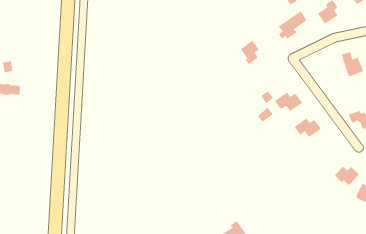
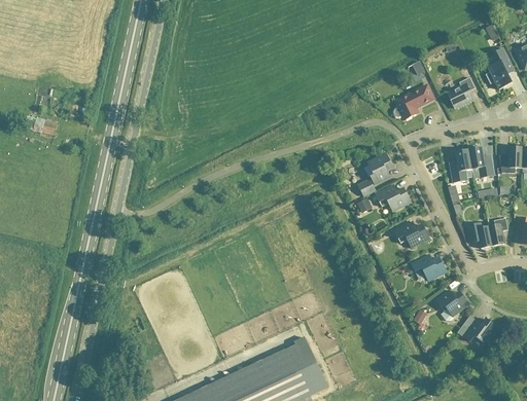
building: [240,40,260,65] -> [367,152,392,183]
building: none -> [450,148,471,181]
building: none -> [411,254,446,280]

